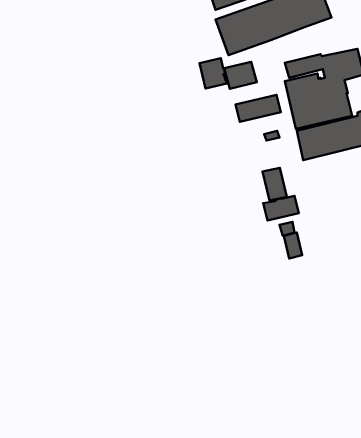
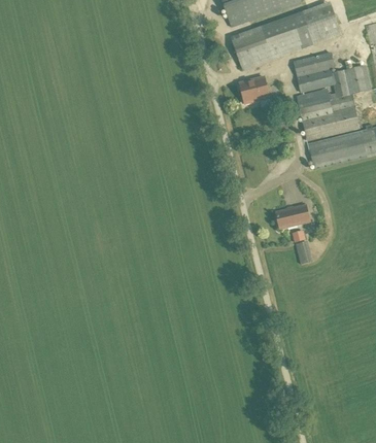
building: [199,58,227,88] -> none
building: [236,95,281,122] -> [292,49,335,75]
building: [262,168,287,200] -> none

